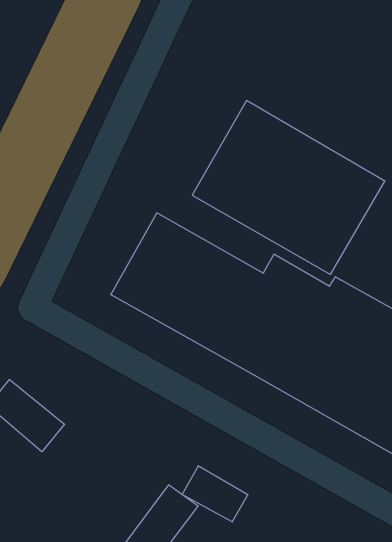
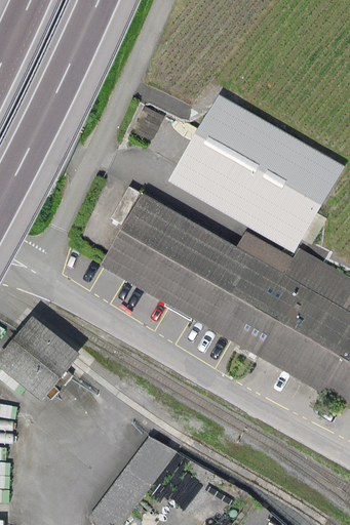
building: none -> [13,315,81,377]
building: [182,466,248,522] -> none

